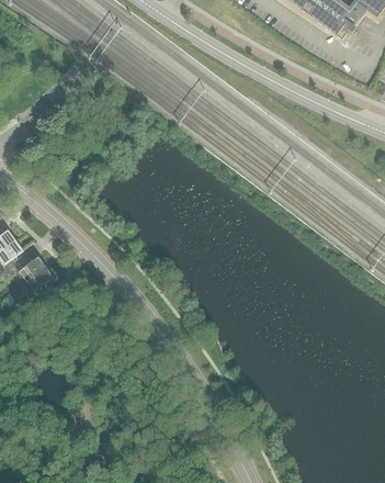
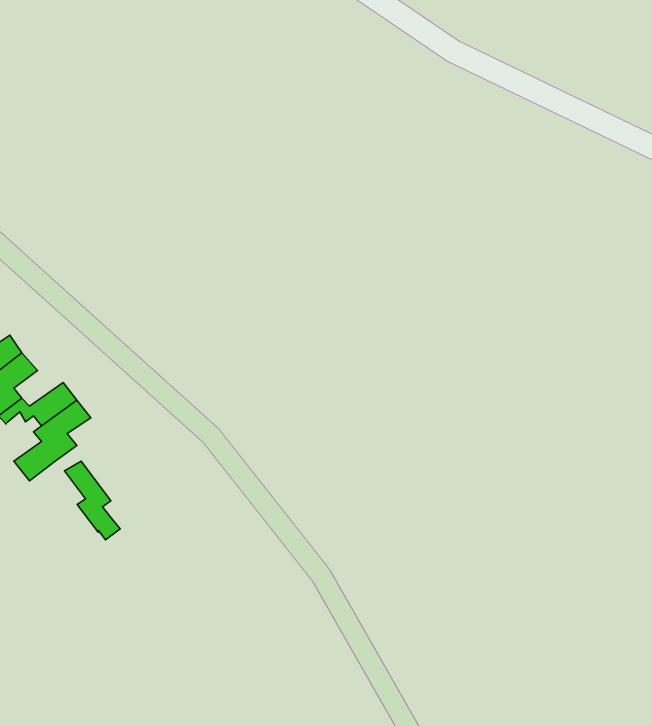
building: none -> [64,461,120,540]

